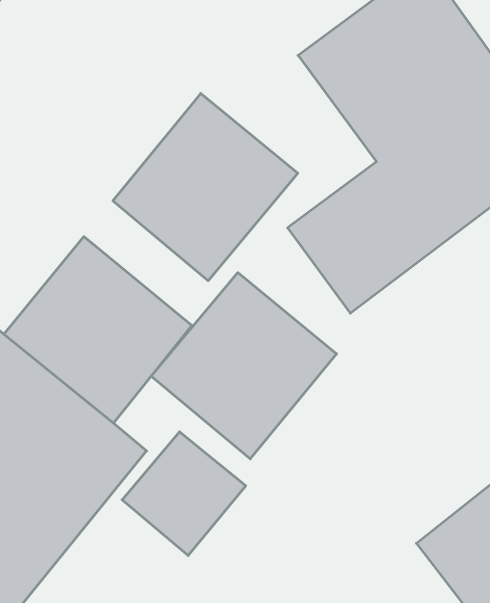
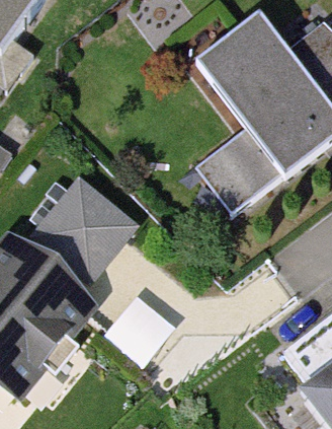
building: [113,93,298,281] -> none
building: [151,273,337,459] -> none

